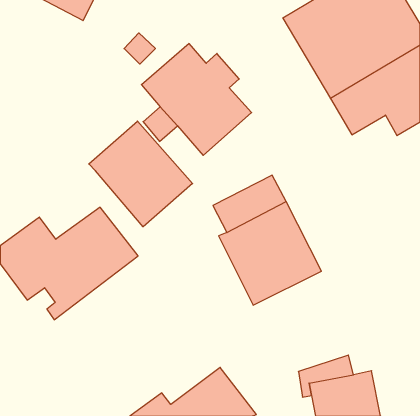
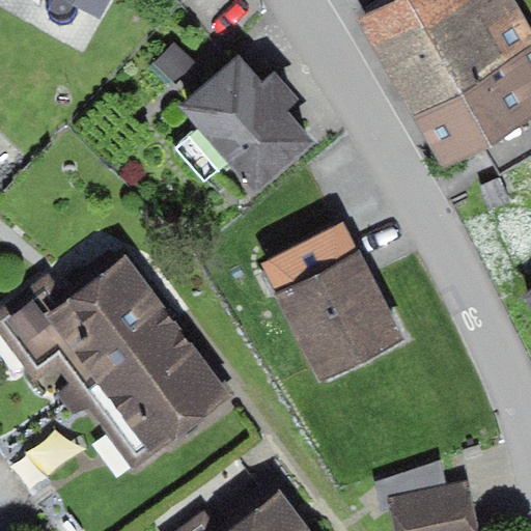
building: [89,121,193,227] -> none
building: none -> [68,323,231,468]

